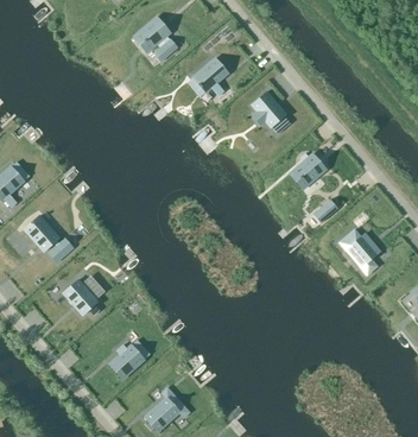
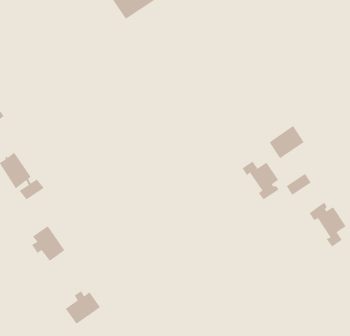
building: [194,58,228,91] -> none
building: [251,91,290,134] -> none
building: none -> [242,161,280,200]

